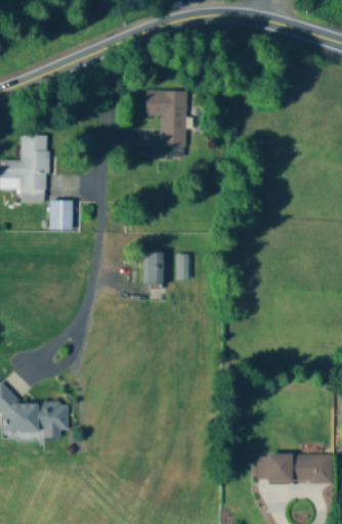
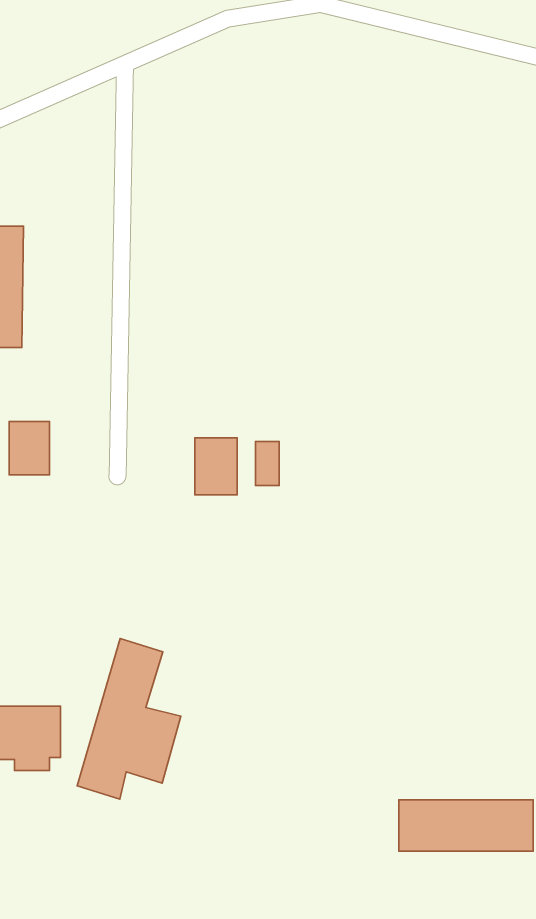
building: [145,91,186,147] -> none
building: [49,201,72,230] -> [9,422,50,475]
building: none -> [77,638,181,799]

